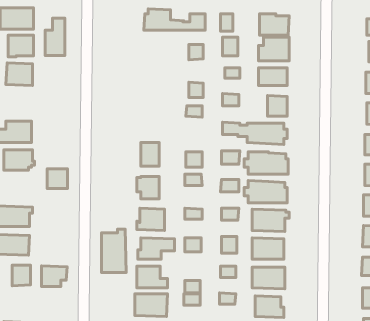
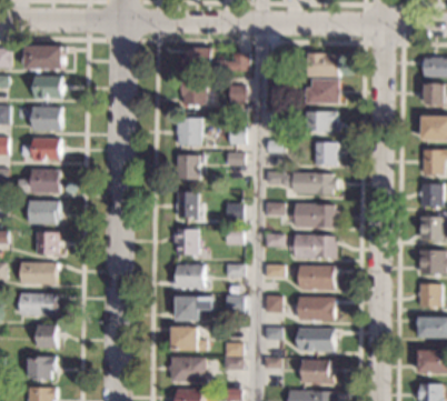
building: [45,18,65,55] -> none
building: none -> [180,78,206,104]
building: none -> [177,118,201,144]
building: none -> [31,138,59,161]
building: none -> [178,154,201,179]
building: [47,169,67,188] -> [36,232,58,253]
building: [102,229,126,273] -> none
building: [41,266,67,286] -> [29,355,57,378]

